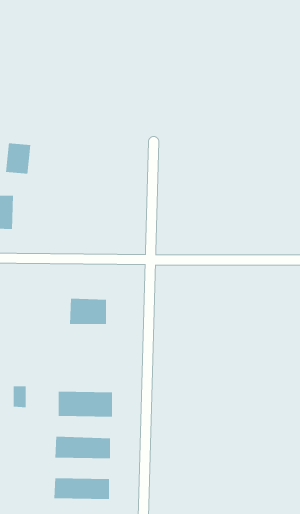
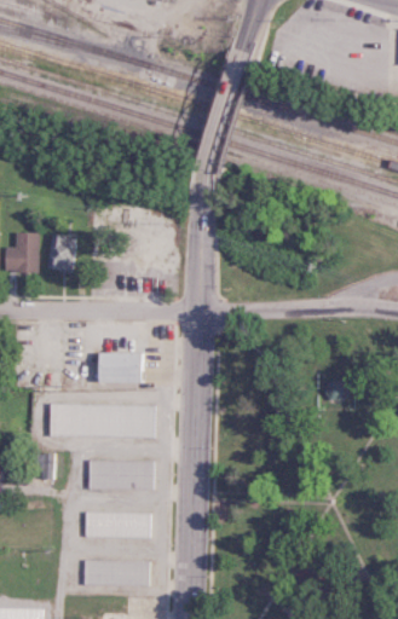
building: [5,143,31,174] -> [45,235,75,271]
building: none -> [50,403,154,436]

